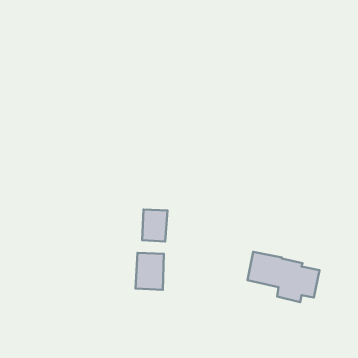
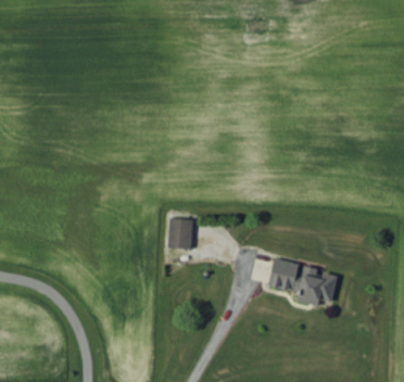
building: [135,253,164,290] -> none

